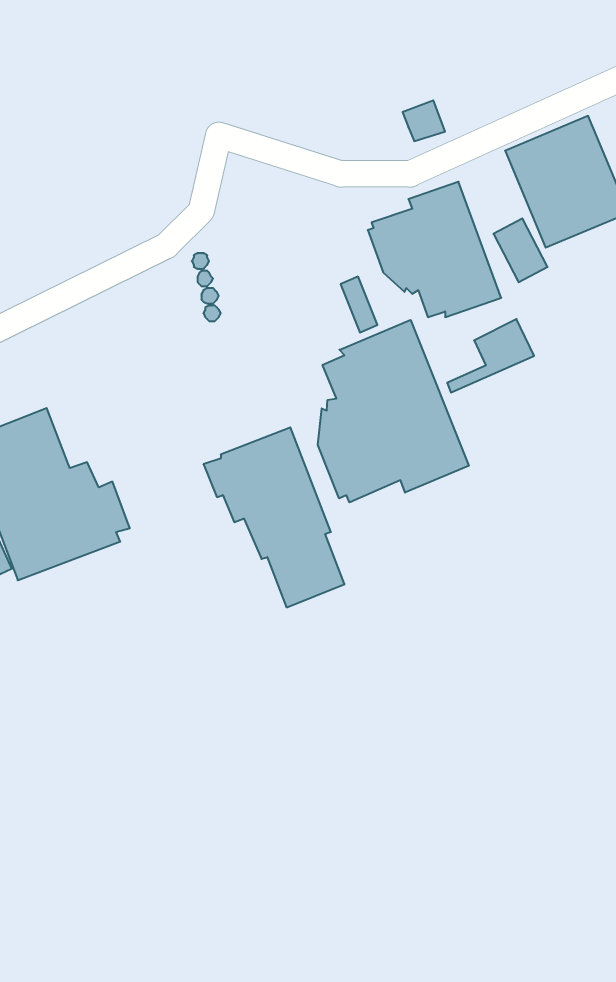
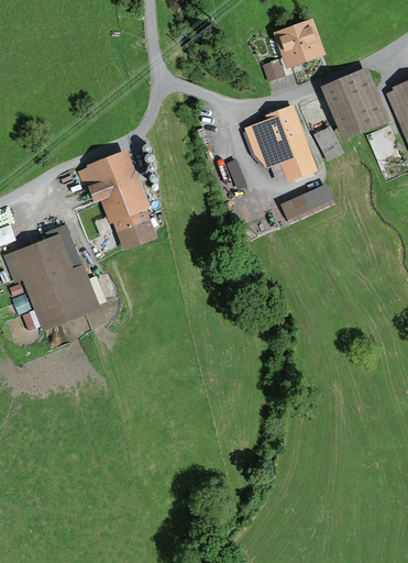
building: none -> [268,18,326,68]
building: [318,320,469,502] -> none
building: [203,427,345,607] -> [77,148,157,251]

